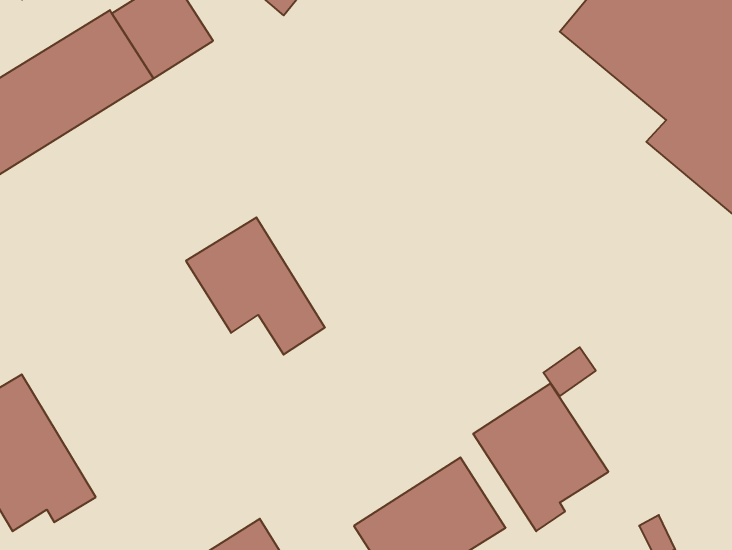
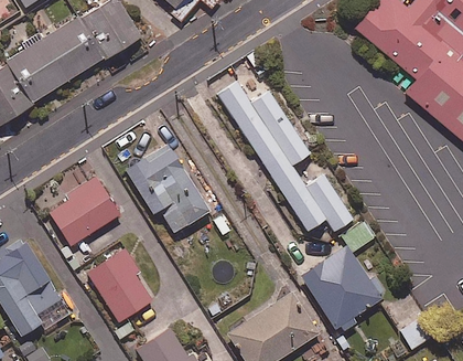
building: none -> [217,79,354,231]
building: none -> [49,177,120,246]
building: none -> [85,247,152,322]

